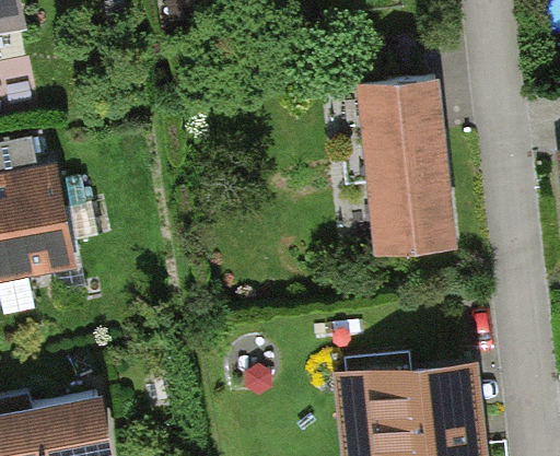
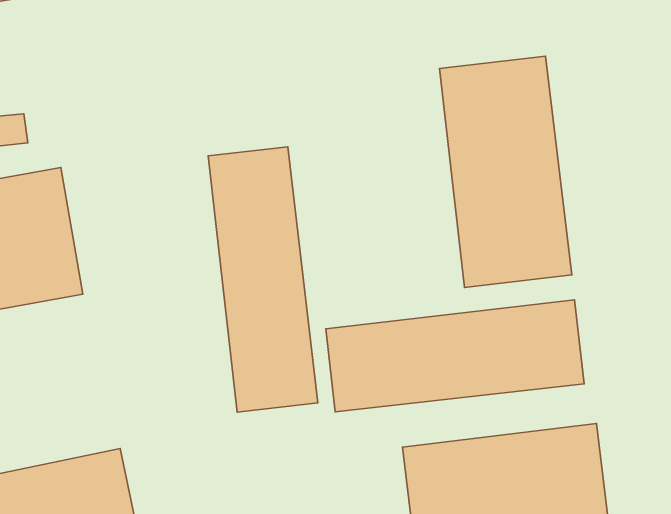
building: none -> [208,147,318,412]
building: none -> [326,300,584,412]

